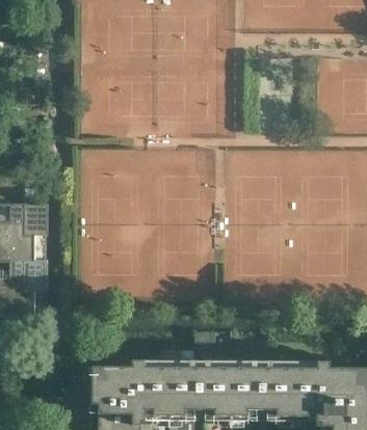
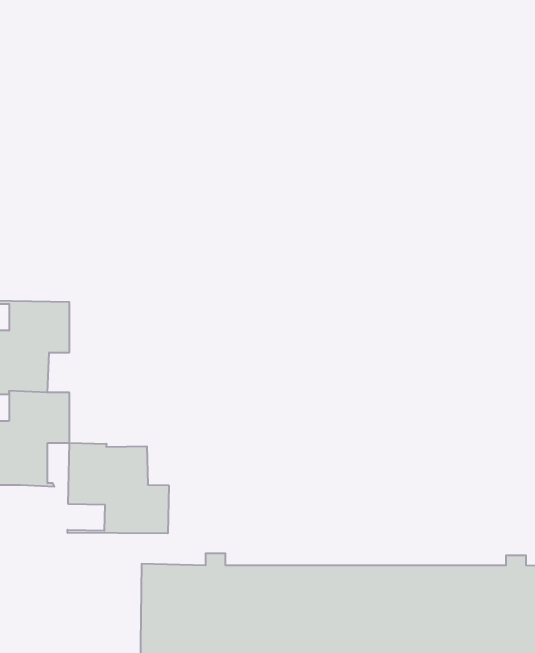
building: none -> [68,443,169,533]

